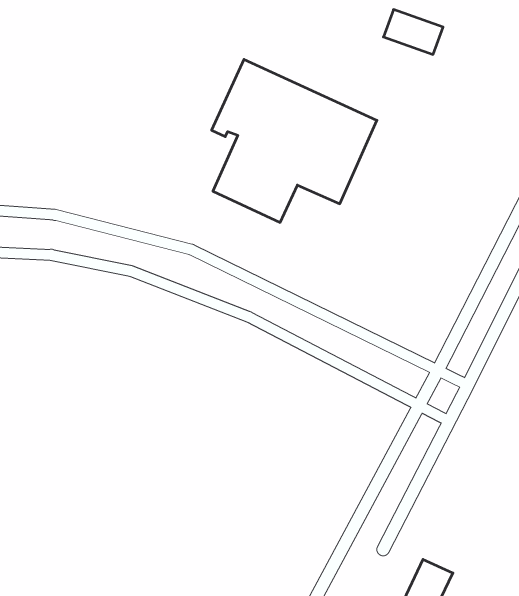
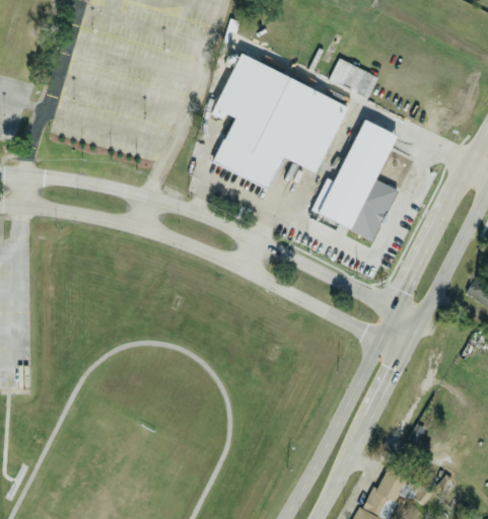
building: [383,10,443,54] -> [330,60,378,96]
building: none -> [311,120,397,239]

